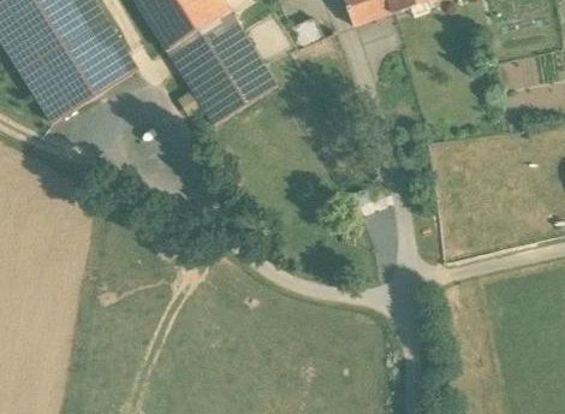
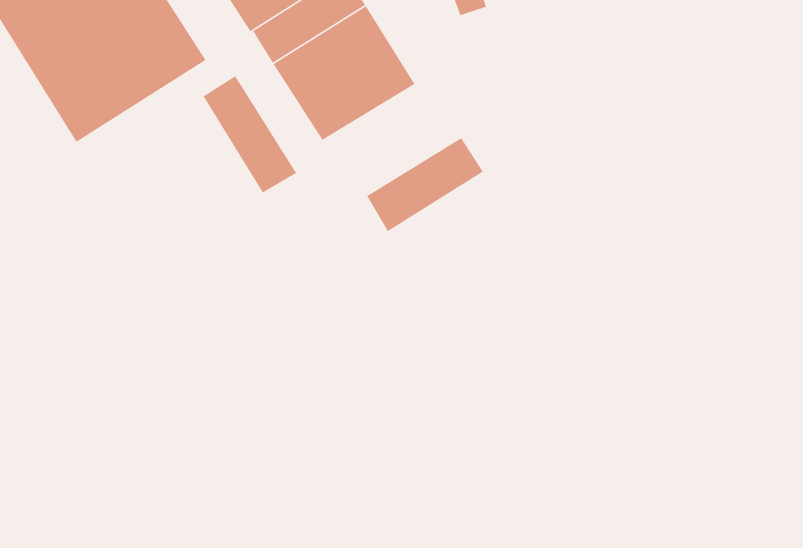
building: none -> [203,75,297,194]
building: none -> [366,137,484,232]

